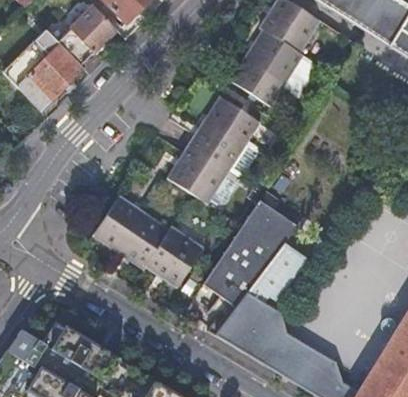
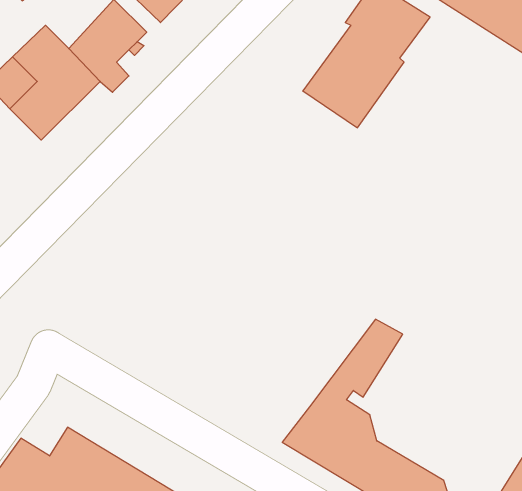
building: [163,92,256,196] -> none
building: [92,193,203,284] -> none
building: [203,201,295,306] -> none

